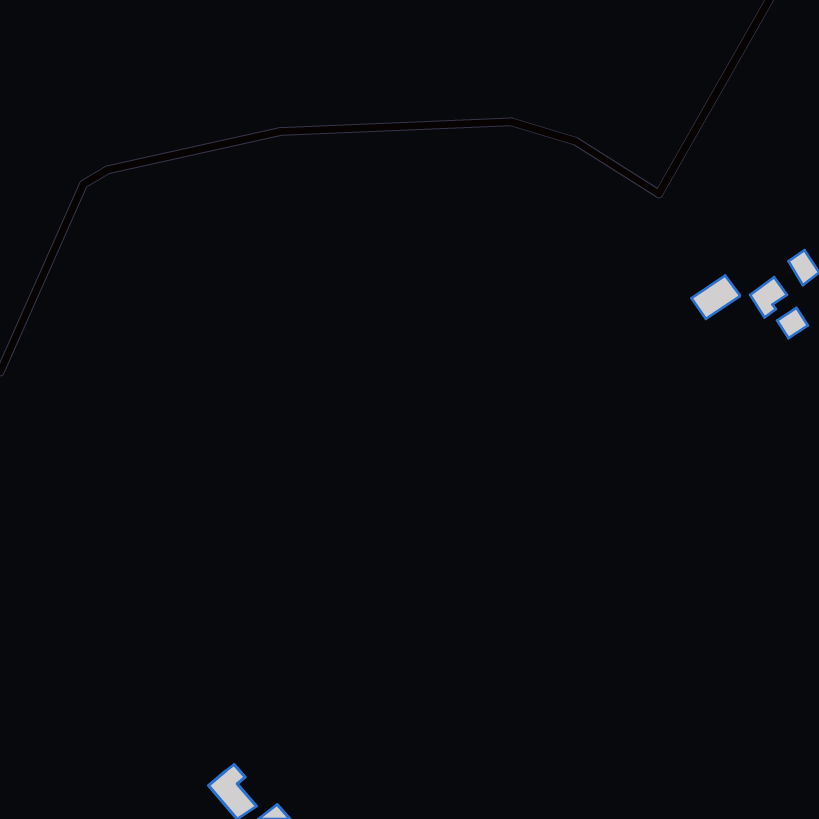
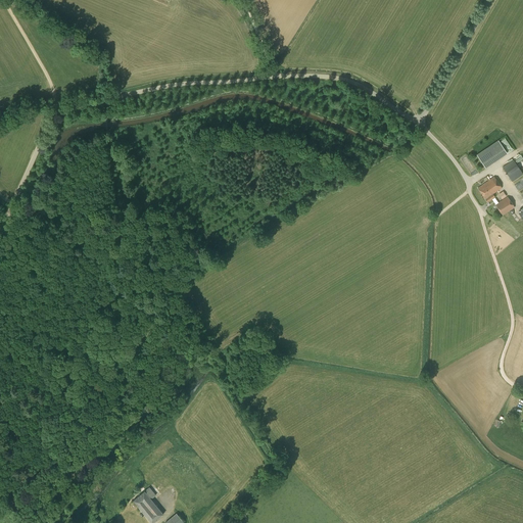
building: [692,276,740,319] -> [476,140,507,168]

